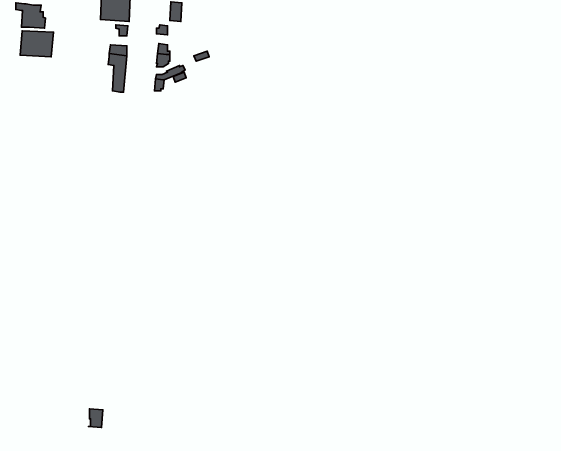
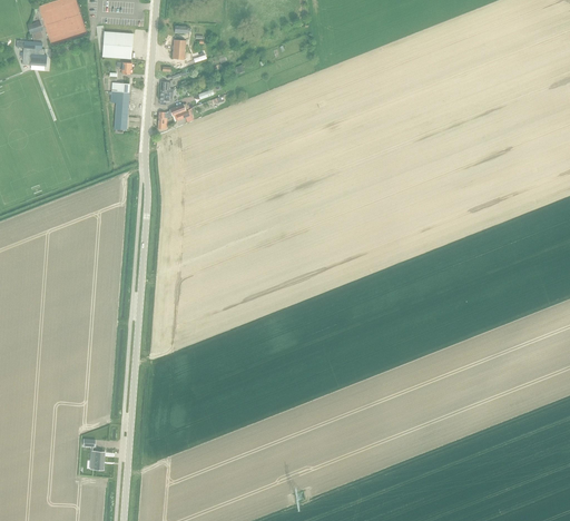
building: [20,31,53,57] -> none

